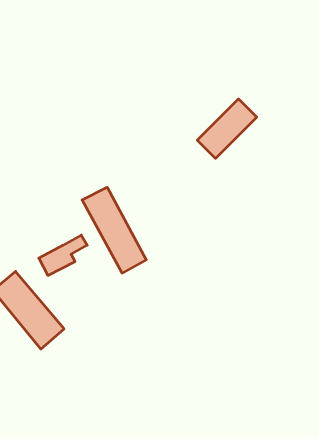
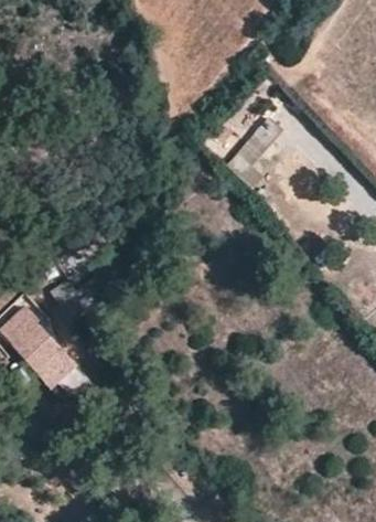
building: [82,187,146,273] -> none

